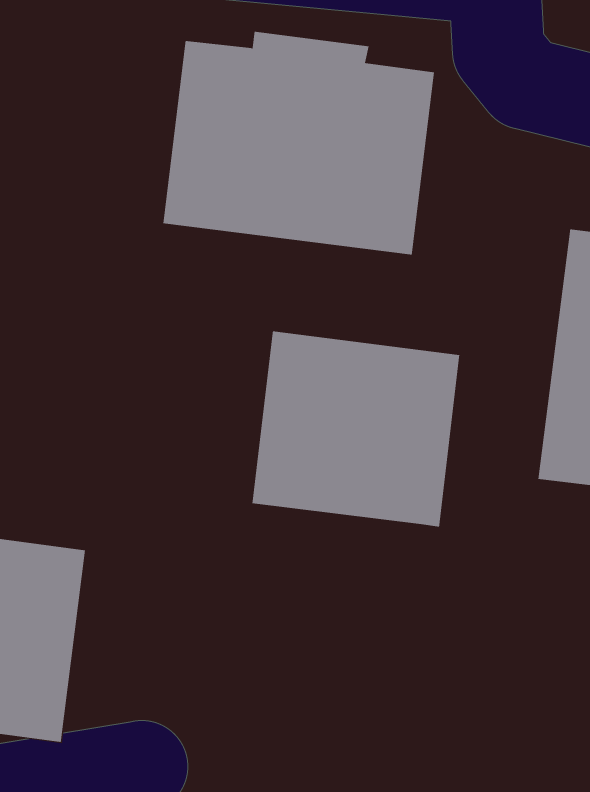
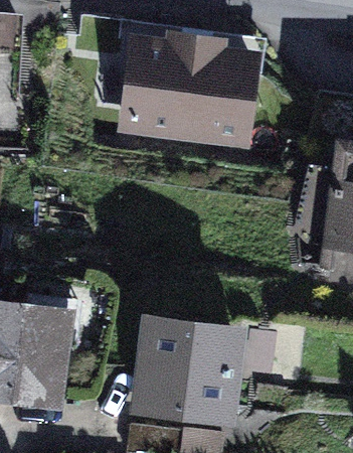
building: [252,331,460,528] -> none
building: none -> [131,313,247,426]

